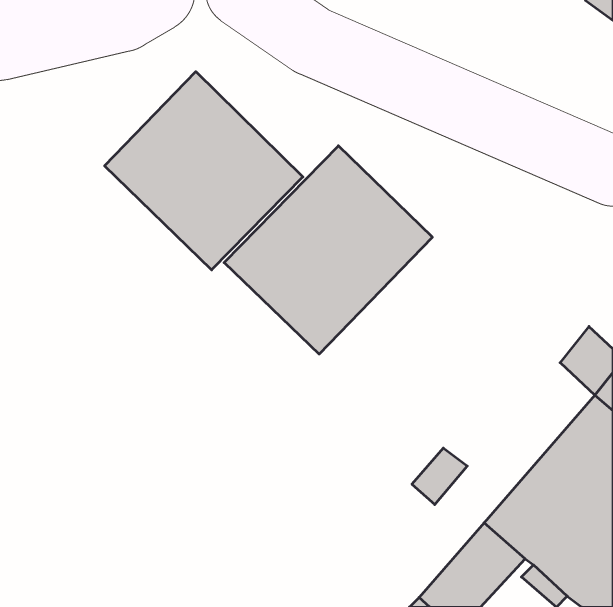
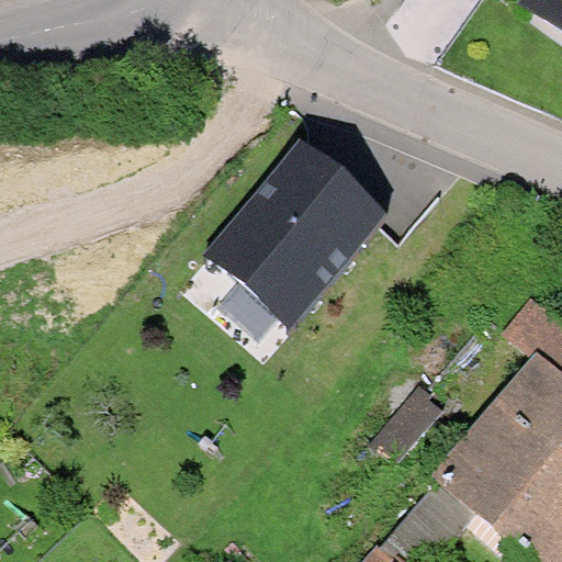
building: [105,72,303,270] -> none

